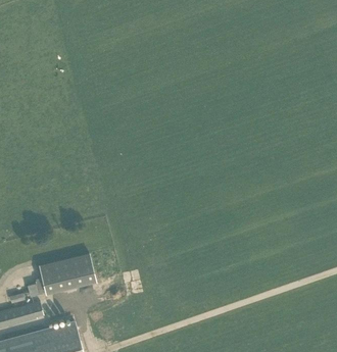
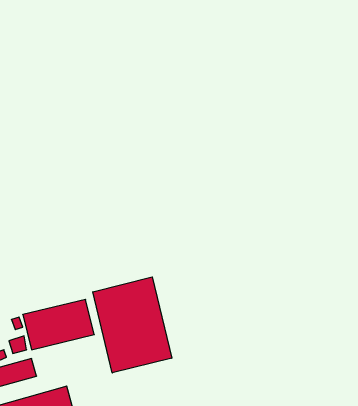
building: none -> [93,277,172,373]

